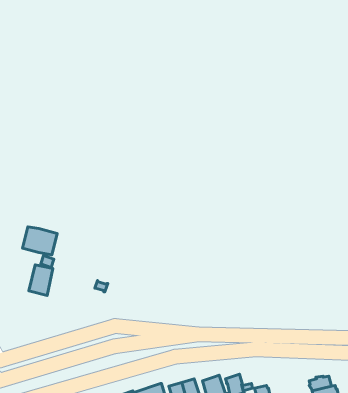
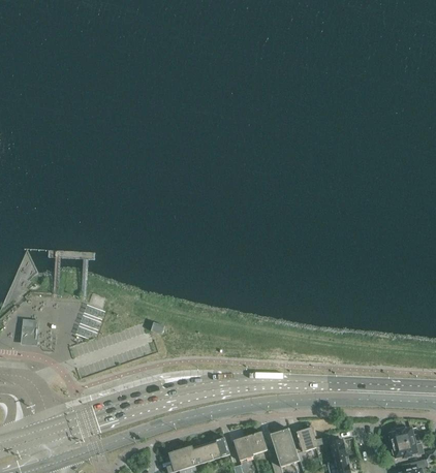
building: [22,227,57,255] -> none

